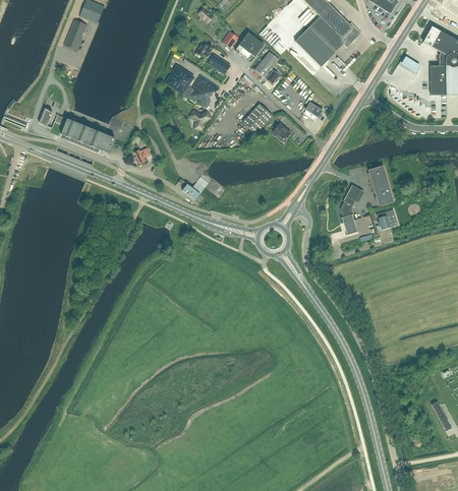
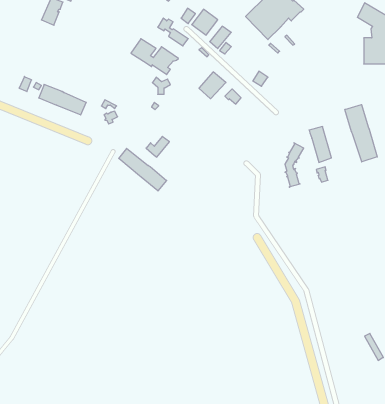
building: none -> [345,105,377,162]
building: none -> [119,148,167,191]

